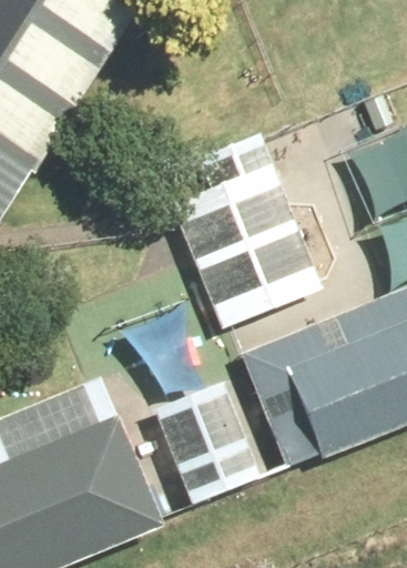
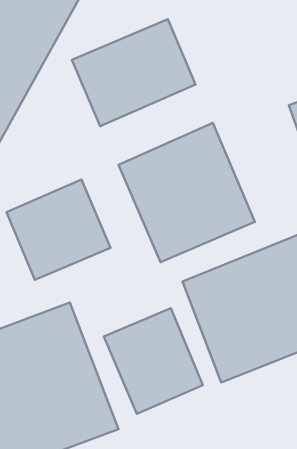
building: none -> [72,19,195,126]
building: none -> [6,180,111,280]

